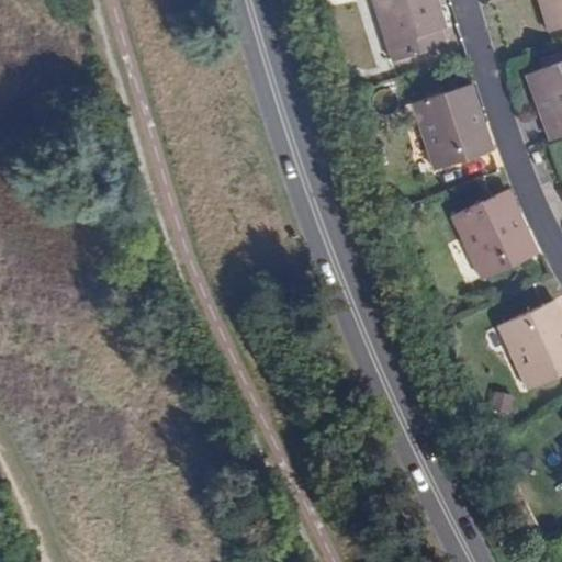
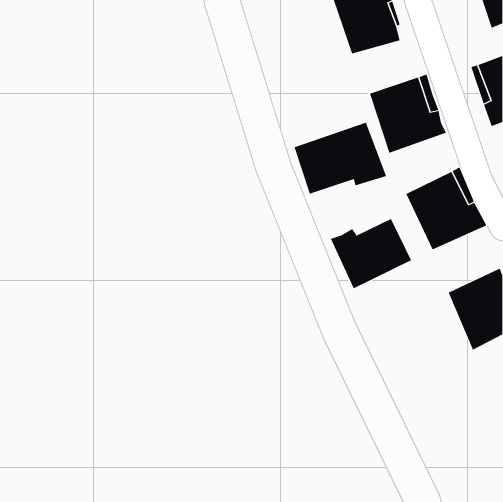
building: none -> [294,122,387,194]
building: none -> [330,218,412,289]

